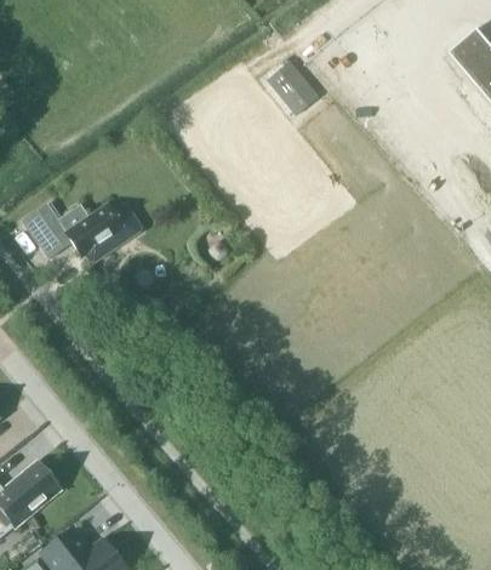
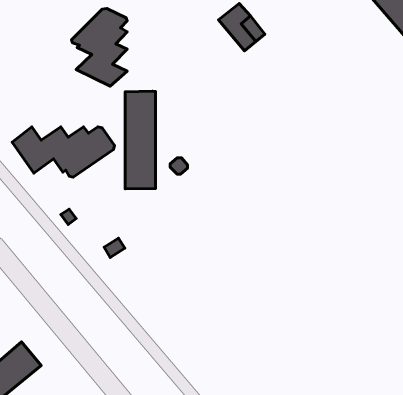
building: none -> [72,8,127,86]
building: none -> [125,91,155,189]

